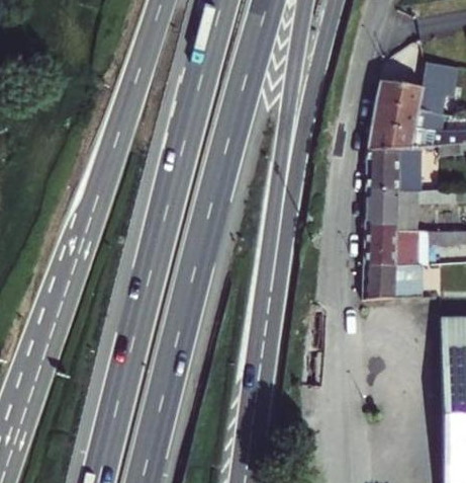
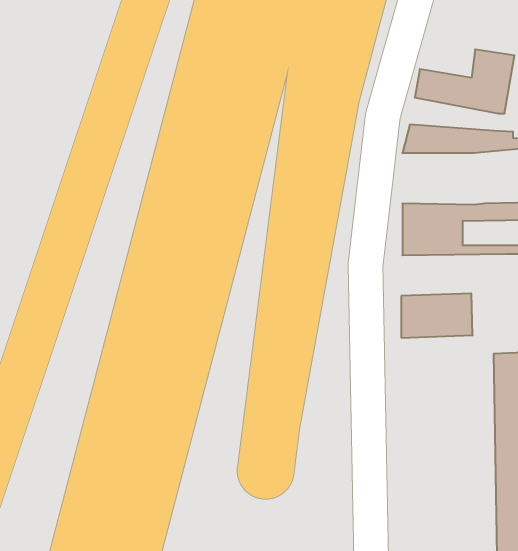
building: [373,102,446,130] -> none
building: [367,148,426,190] -> none
building: [366,231,452,265] -> none

